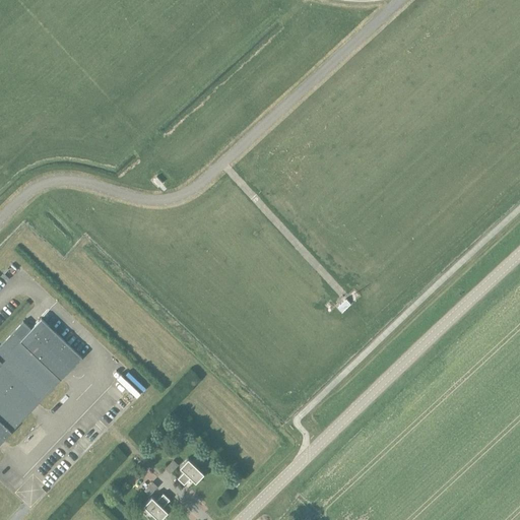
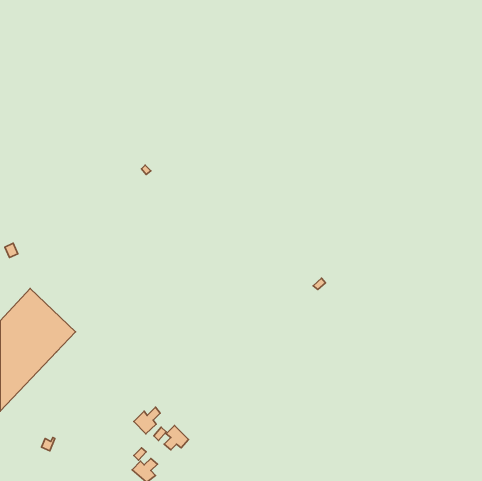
building: none -> [134,407,160,434]

